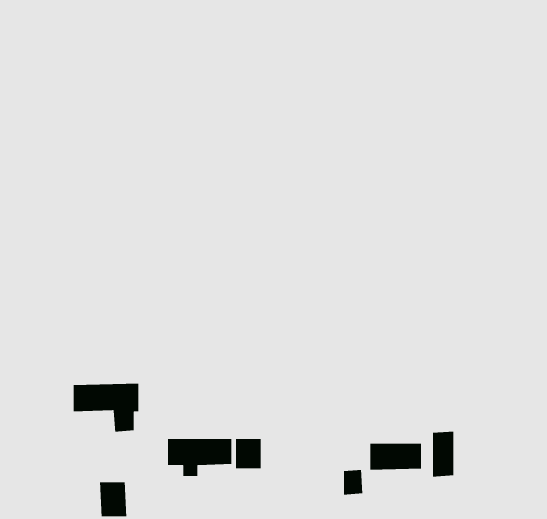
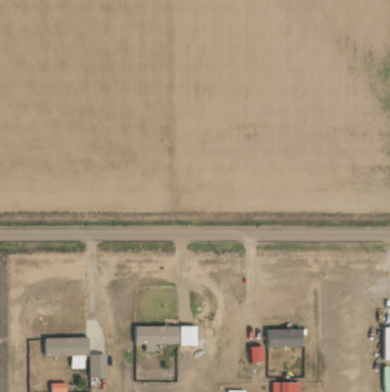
building: [73,383,139,432] -> [46,337,89,370]
building: [432,431,454,477] -> none

